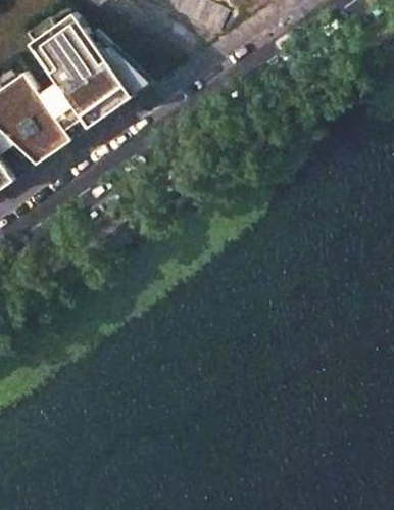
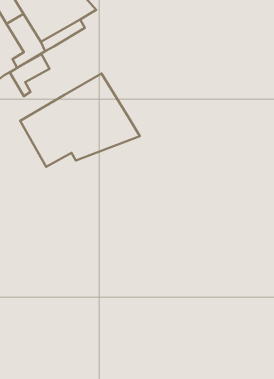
building: none -> [10,54,50,96]
building: none -> [20,74,140,167]

